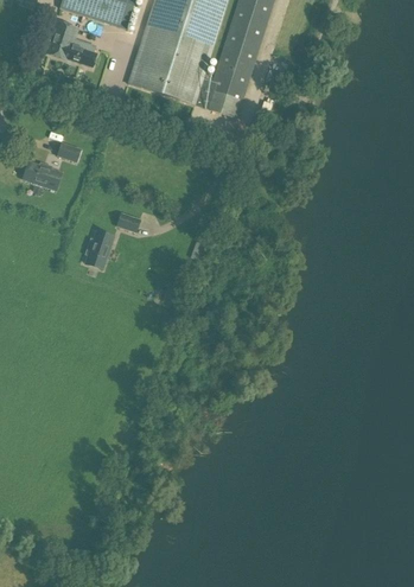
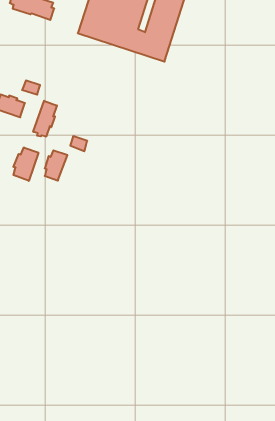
building: none -> [33,101,57,137]
building: none -> [13,147,38,181]

